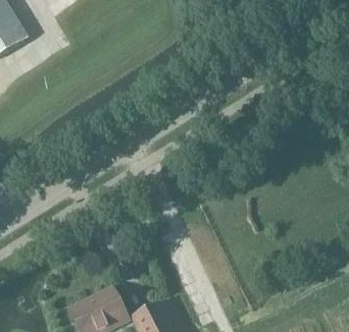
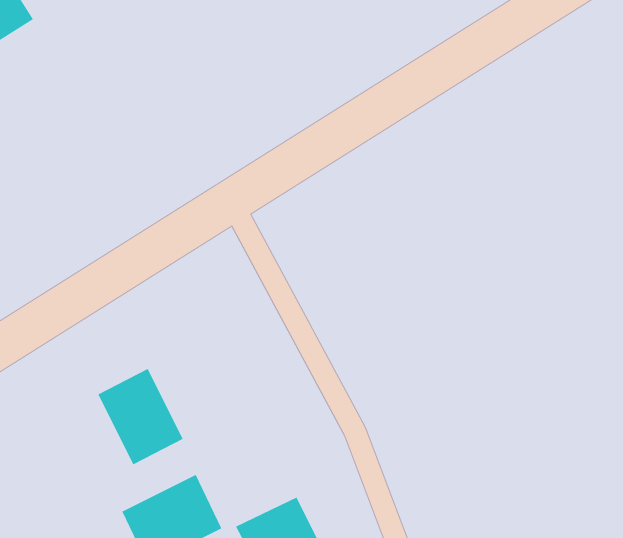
building: none -> [98,368,183,465]

